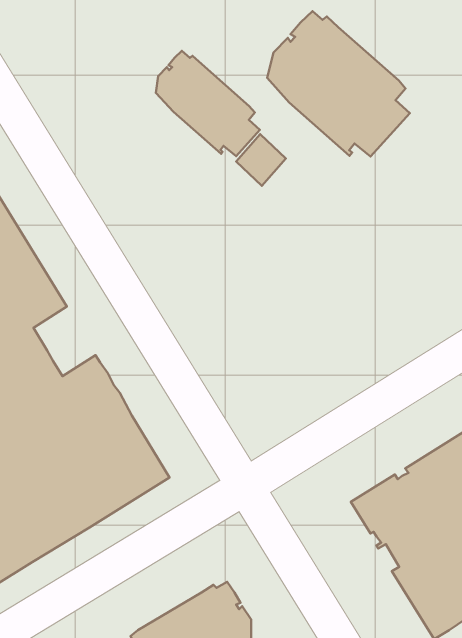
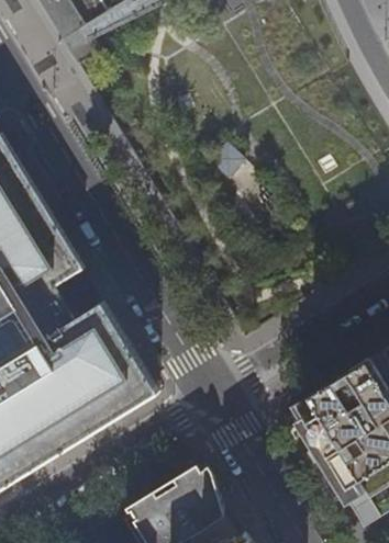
building: [267,11,410,156] -> none
building: [156,51,260,156] -> none

